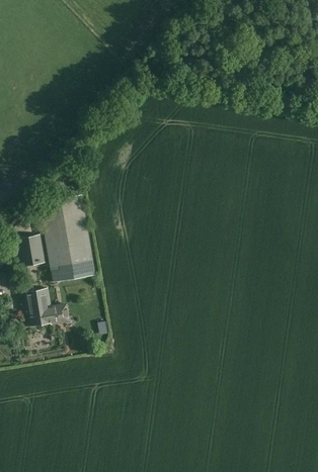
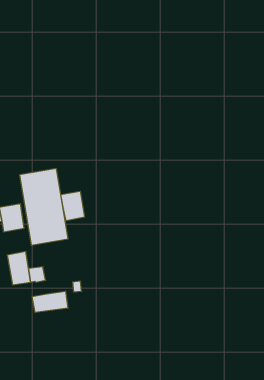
building: none -> [61,191,85,221]
building: none -> [32,291,68,313]

